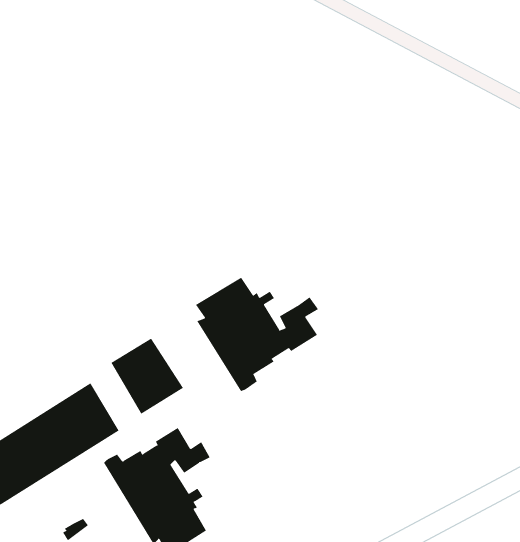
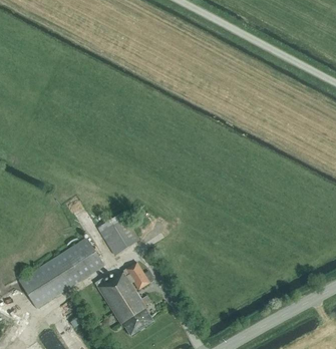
building: [195,277,319,392] -> none

